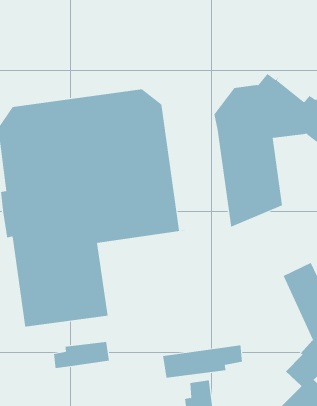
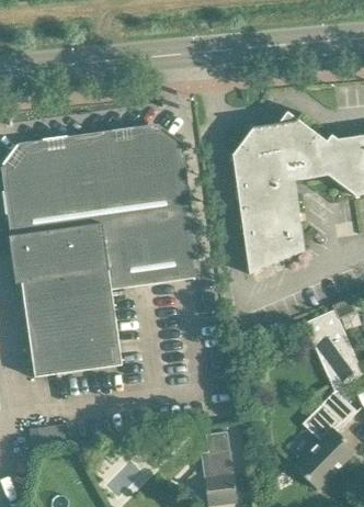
building: [53,341,109,369] -> none
building: [163,345,243,378] -> none

